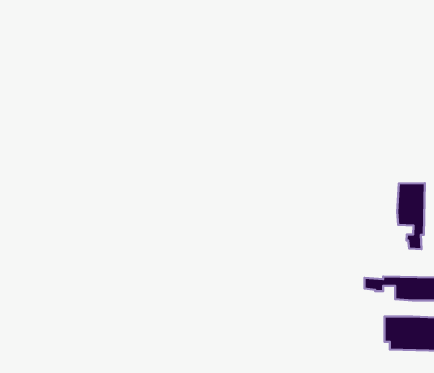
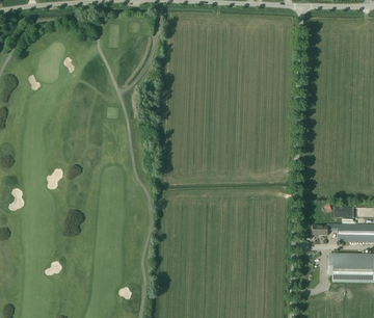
building: [397,183,425,249] -> none

